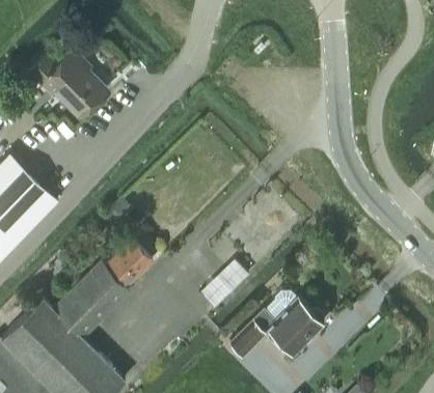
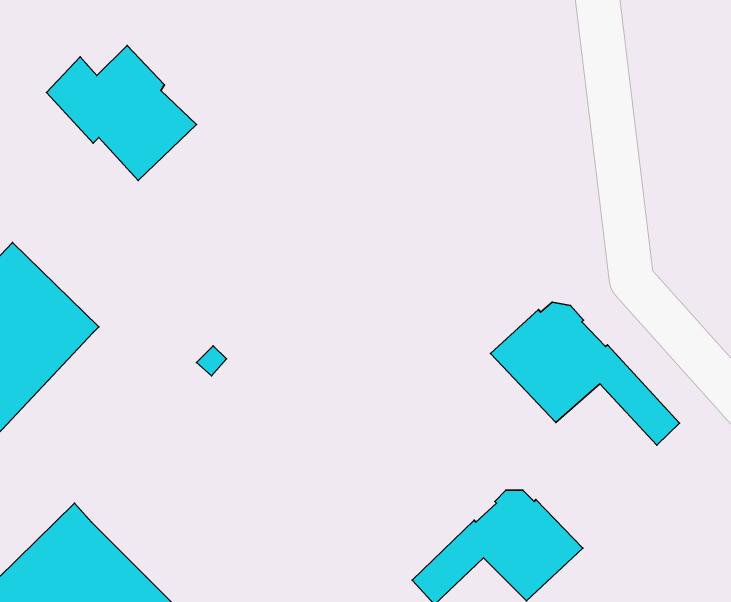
building: none -> [490,302,680,445]
building: [52,240,153,340] -> none

